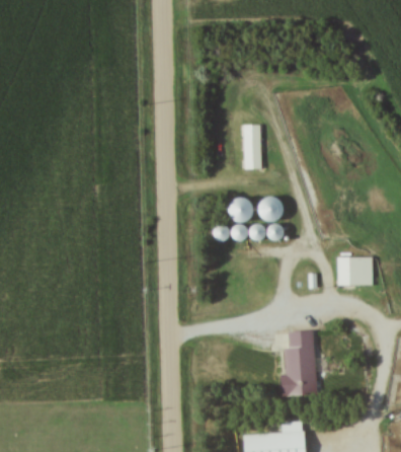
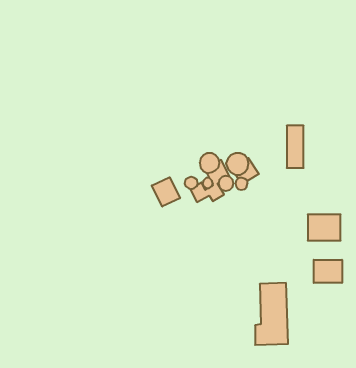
building: [244,124,262,169] -> [287,126,304,168]
building: none -> [152,177,180,207]
building: none -> [314,260,342,283]

